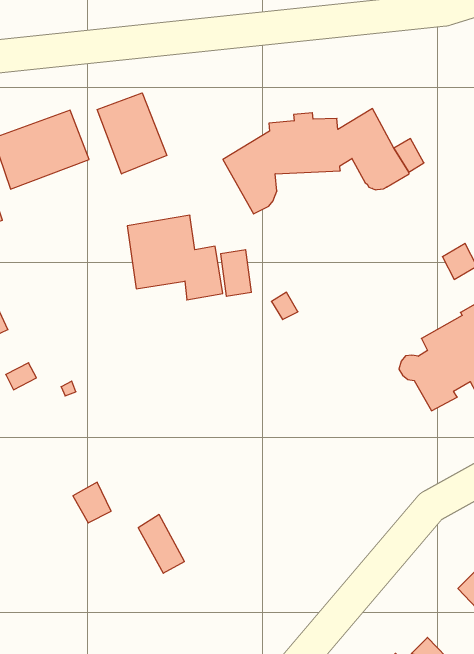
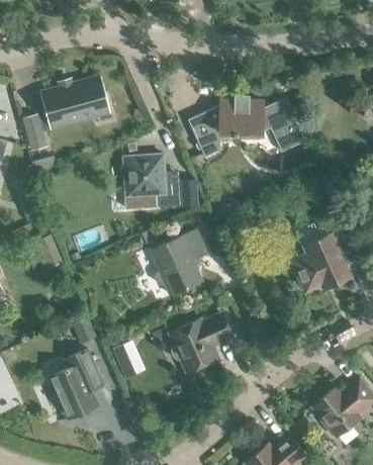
building: [97,93,167,174] -> none
building: none -> [150,229,207,295]
building: none -> [170,313,231,372]
building: none -> [50,349,101,418]

